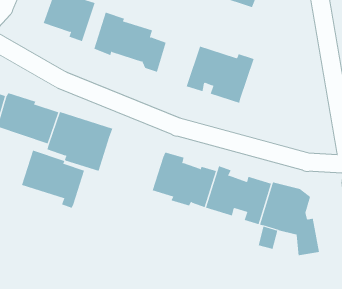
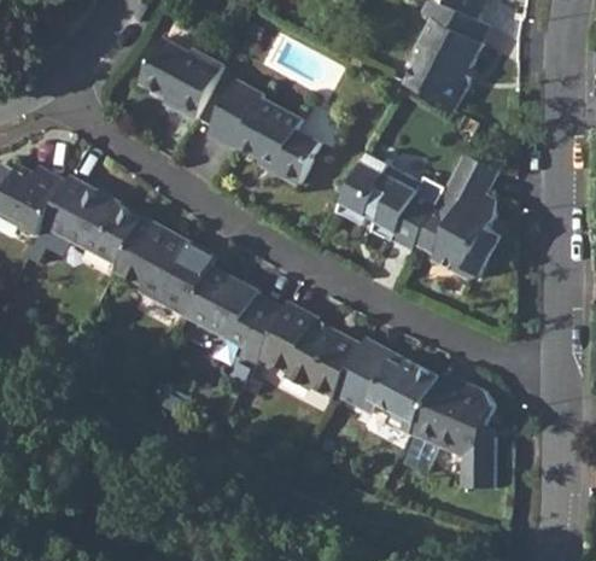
building: none -> [414,153,502,279]
building: [21,150,85,208] -> [186,267,284,363]

